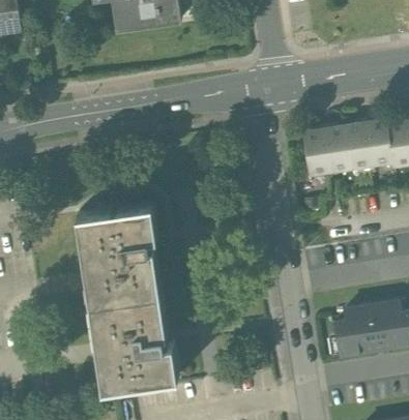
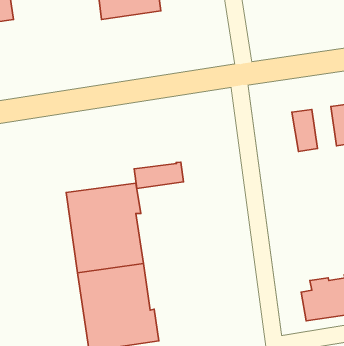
building: [344,125,371,171] -> none
building: [301,131,329,177] -> none
building: none -> [134,162,183,189]

